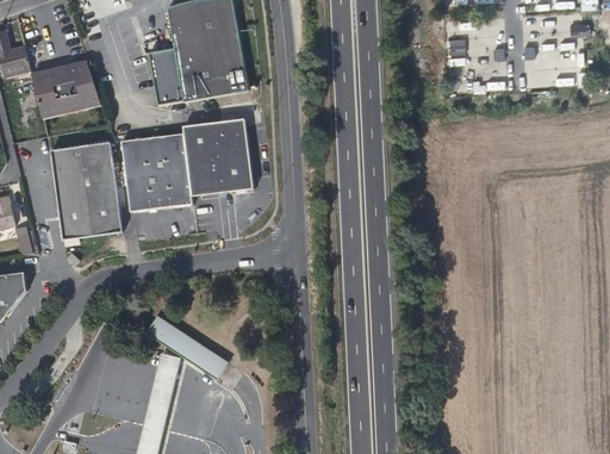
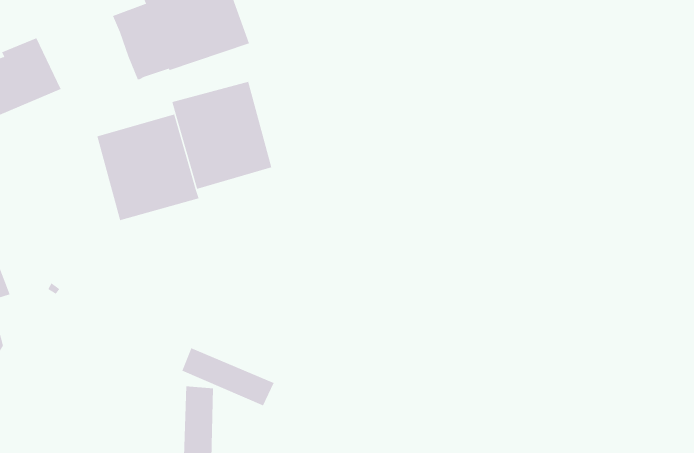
building: [50,143,122,237] -> none

